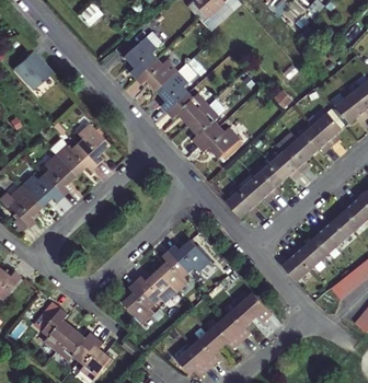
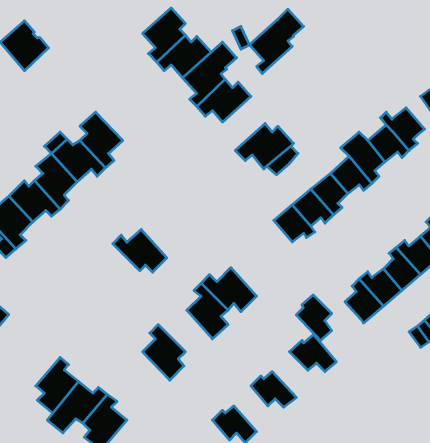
building: [184,100,226,149] -> [249,9,304,74]
building: [135,271,176,304] -> [113,229,167,272]
building: [222,303,250,338] -> [296,295,332,341]
building: [193,329,219,364] -> none

